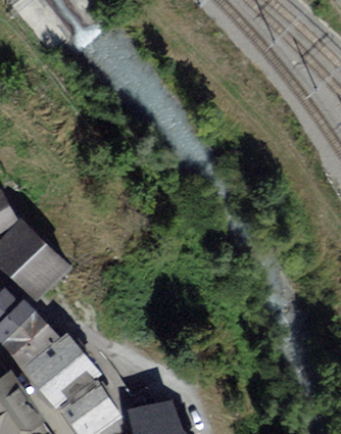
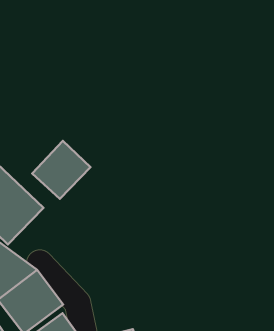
building: none -> [32,141,91,199]

